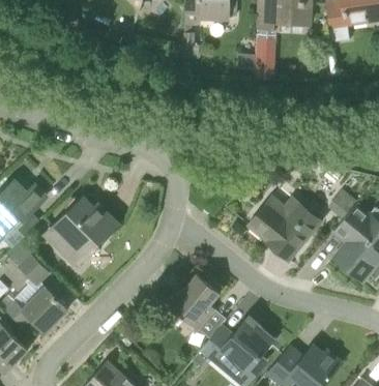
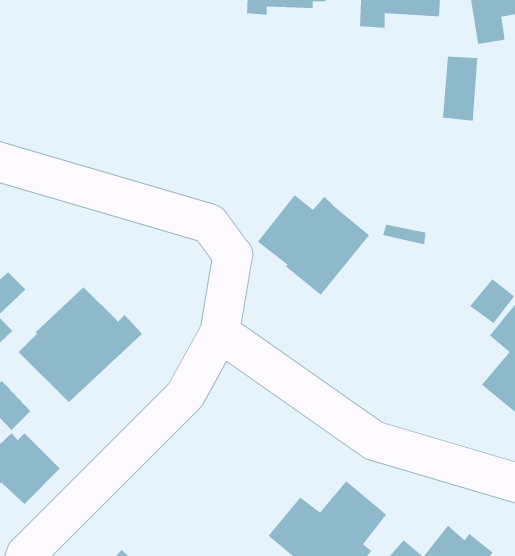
building: [254,37,276,79] -> [442,56,478,122]
building: [249,195,320,259] -> [257,194,370,296]
building: [162,272,221,329] -> none

